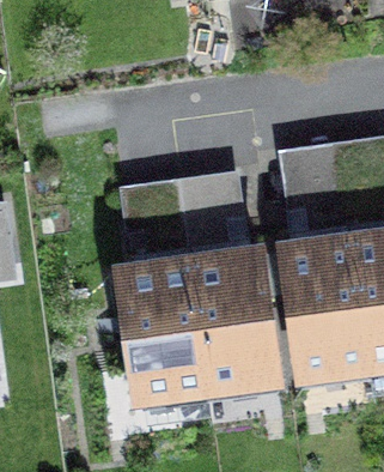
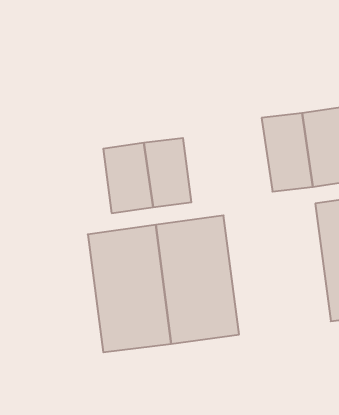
building: [284,241,367,369] -> none

